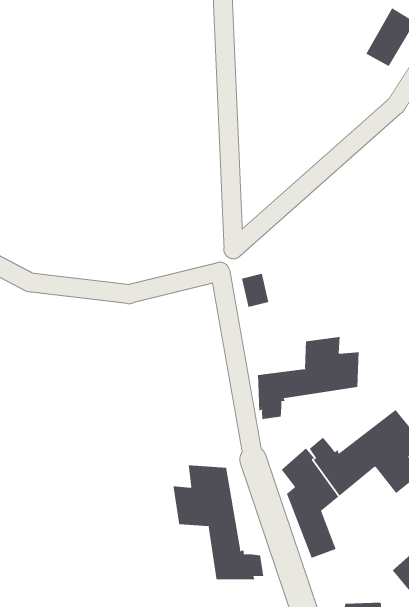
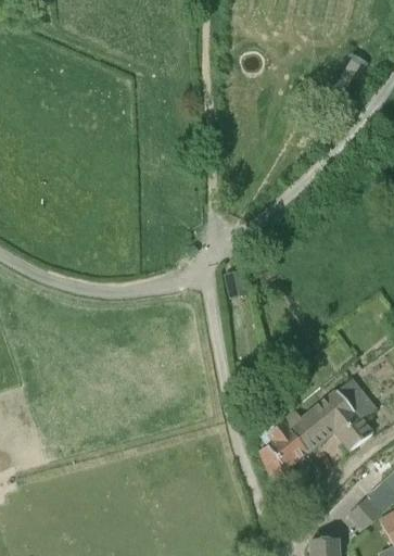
building: [257,336,359,420] -> none
building: [173,464,264,580] -> none

